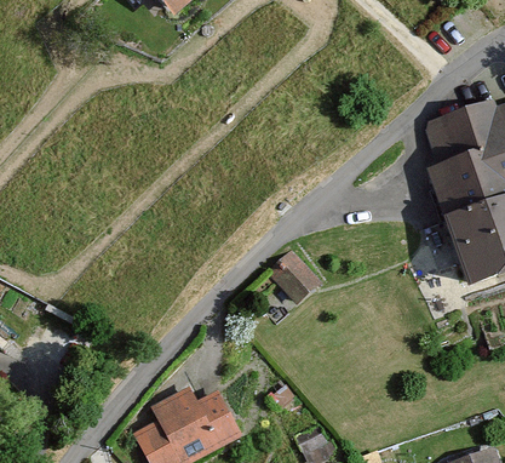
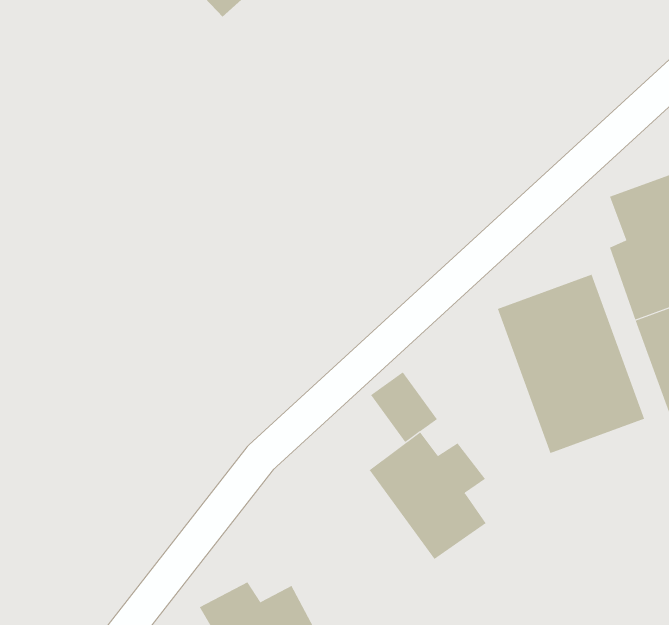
building: none -> [497,274,645,454]
building: none -> [369,432,487,560]

